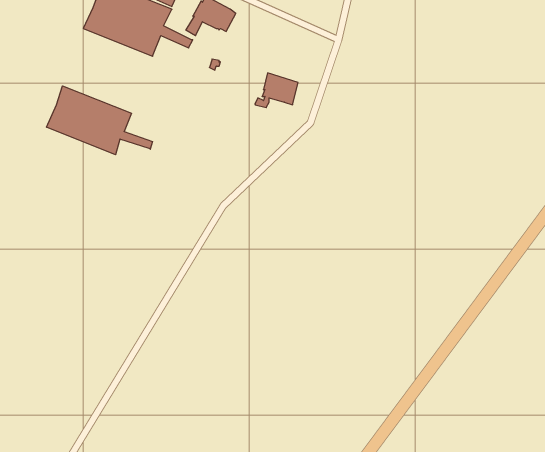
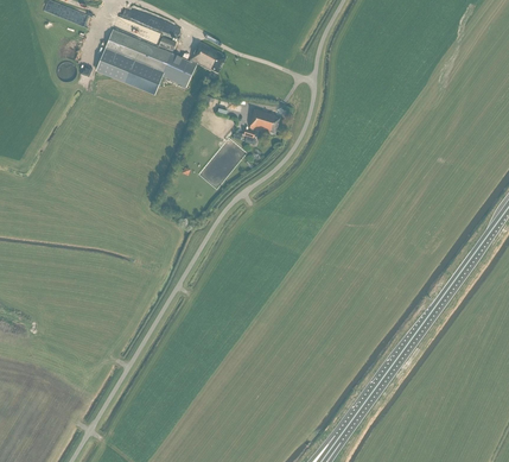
building: [47,86,152,155] -> none

